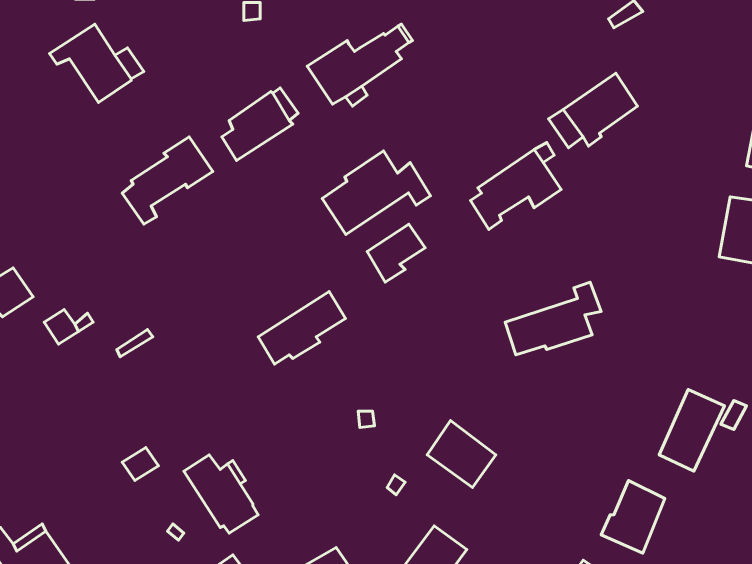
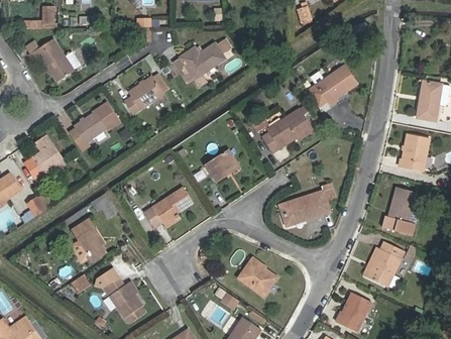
building: [322,151,430,235] -> none
building: none -> [24,135,63,179]
building: none -> [380,189,415,235]
building: none -> [72,218,106,261]

